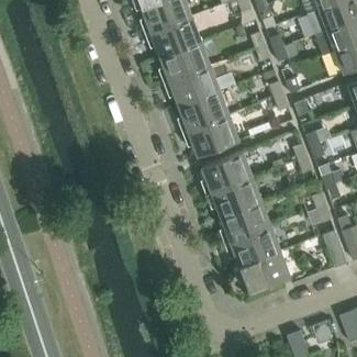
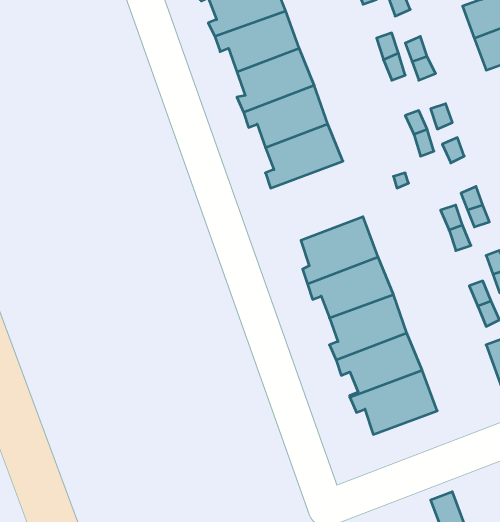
building: [181,115,238,157] -> none

